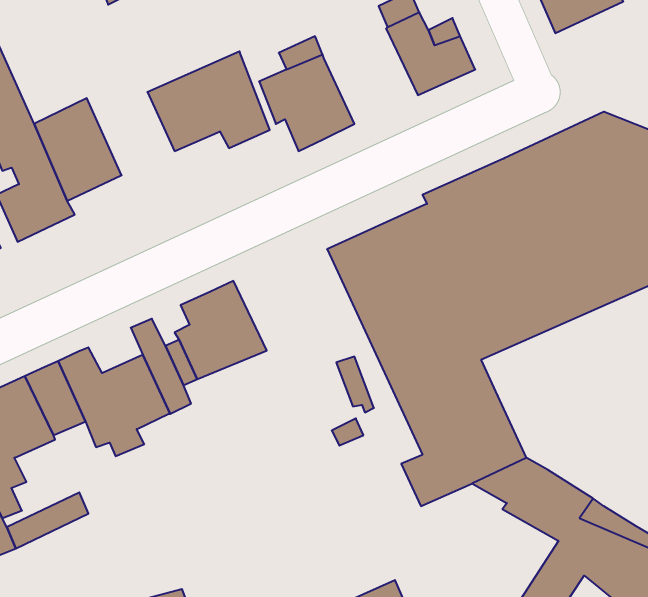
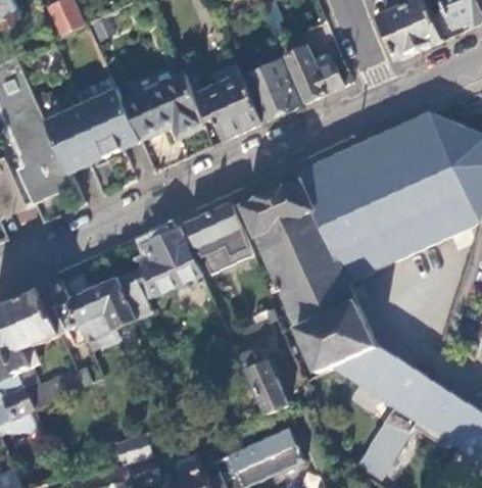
building: none -> [240,61,298,121]
building: none -> [80,88,139,156]
building: none -> [184,204,251,275]
building: none -> [240,353,287,414]

